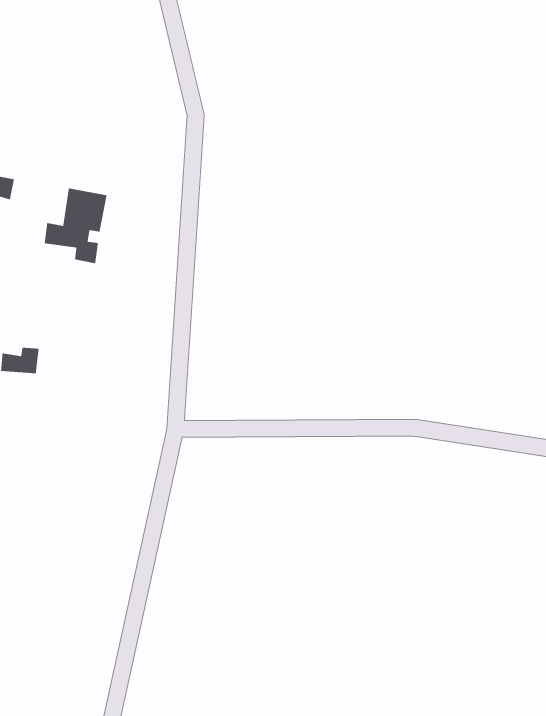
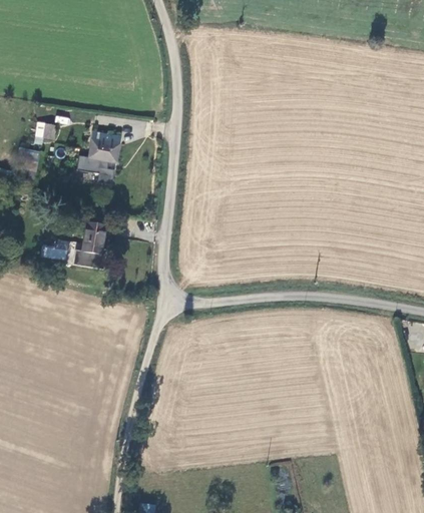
building: none -> [78,219,104,267]

